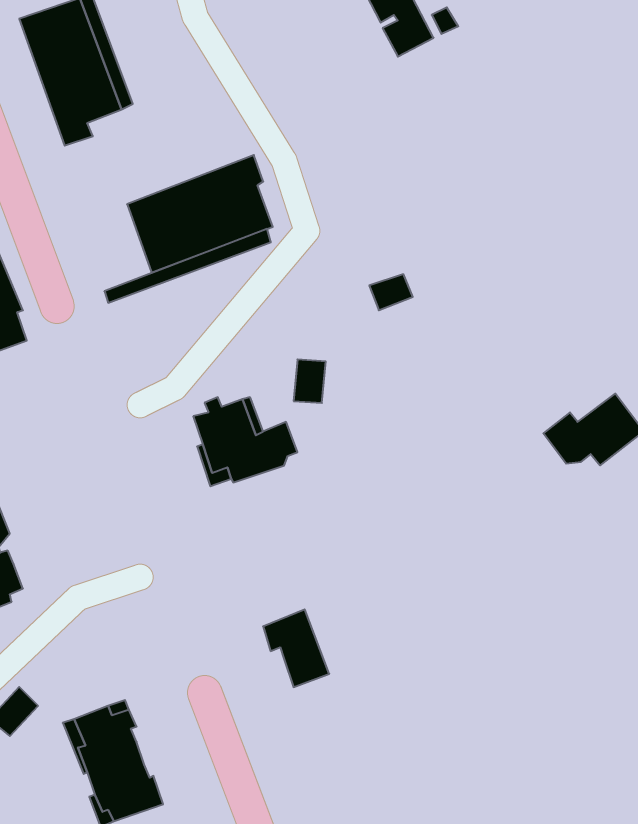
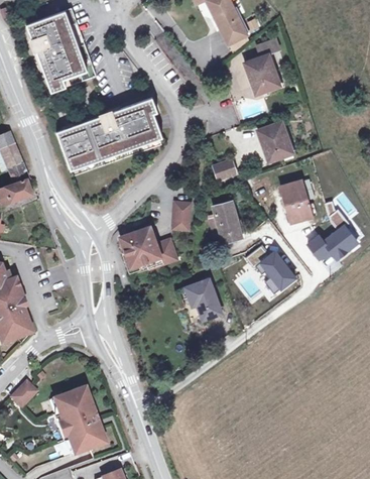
building: none -> [245,38,280,93]
building: none -> [258,121,291,159]
building: none -> [58,122,98,168]
building: none -> [280,179,312,220]
building: none -> [213,200,242,241]
building: none -> [246,245,295,292]
building: [263,609,329,687] -> [187,277,222,319]

